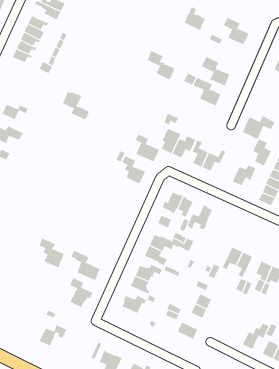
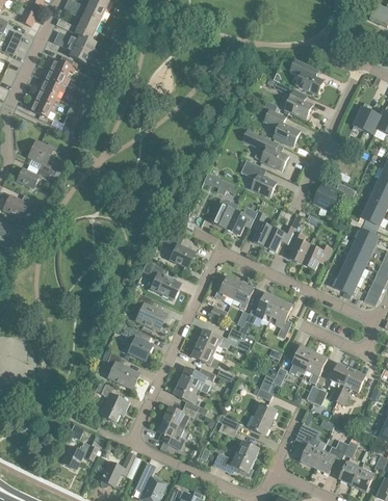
building: [184,6,206,30] -> [285,88,312,118]
building: [147,50,175,80] -> [240,159,276,196]
building: [62,92,90,120] -> [27,141,61,177]
building: [135,134,160,162] -> [149,263,180,298]
building: [253,139,272,166] -> [287,230,311,264]
building: none -> [134,292,165,331]
building: none -> [269,299,292,337]
building: [39,238,65,268] -> [120,323,152,361]
building: none -> [157,419,185,450]
building: none -> [295,423,326,467]
building: none -> [99,451,135,487]
building: none -> [213,451,254,474]

